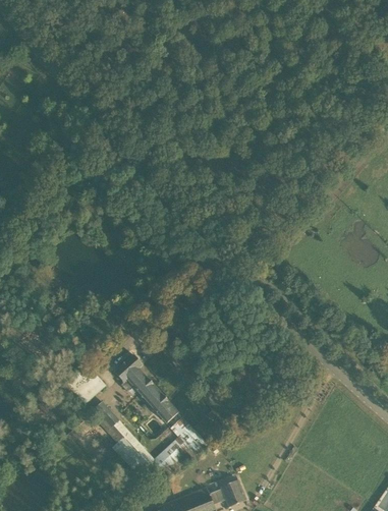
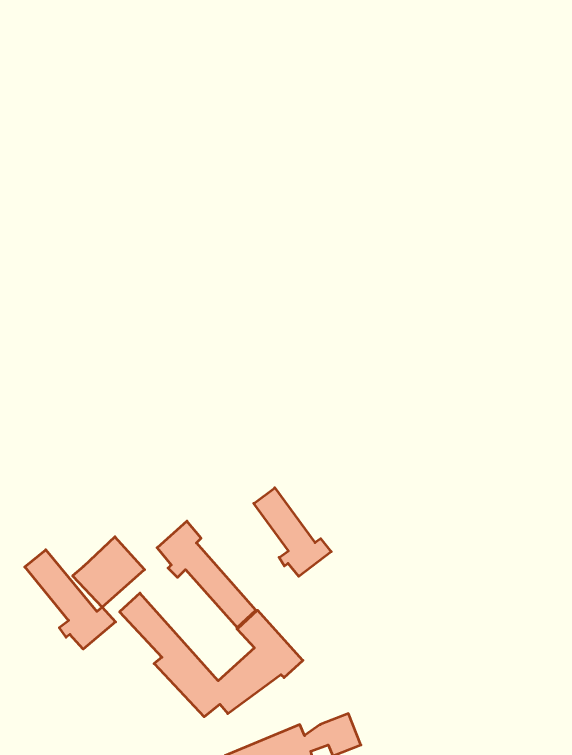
building: none -> [254,488,331,576]
building: none -> [25,550,116,649]

